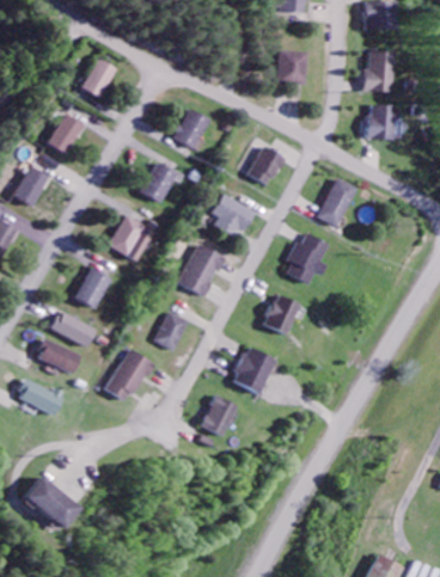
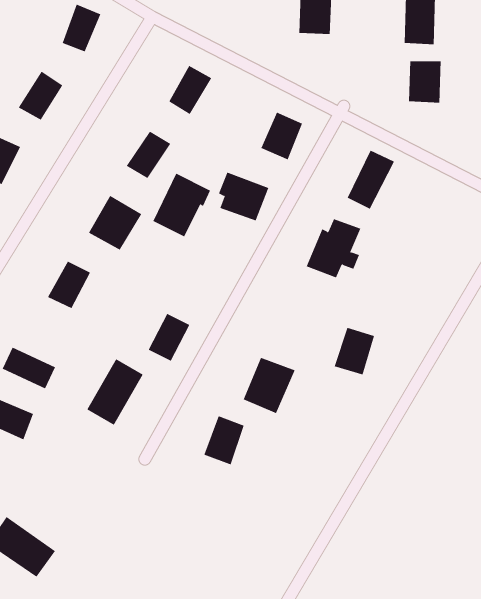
building: [179,243,227,295] -> [152,173,211,237]
building: [267,294,300,333] -> [334,327,375,375]
building: [54,313,94,345] -> none

